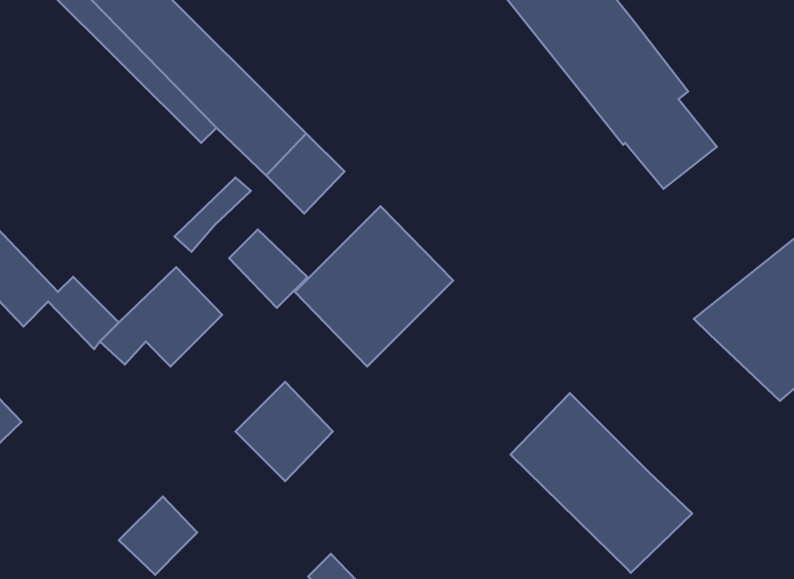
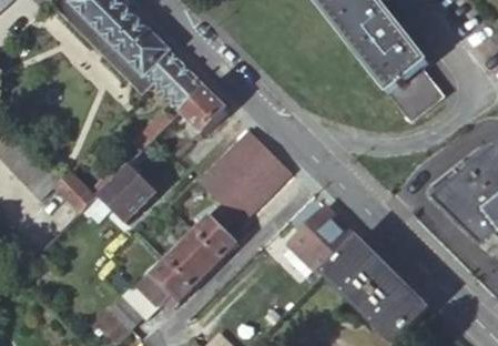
building: [229,229,307,308] -> [191,213,236,258]
building: none -> [285,205,356,276]
building: none -> [120,258,191,318]

